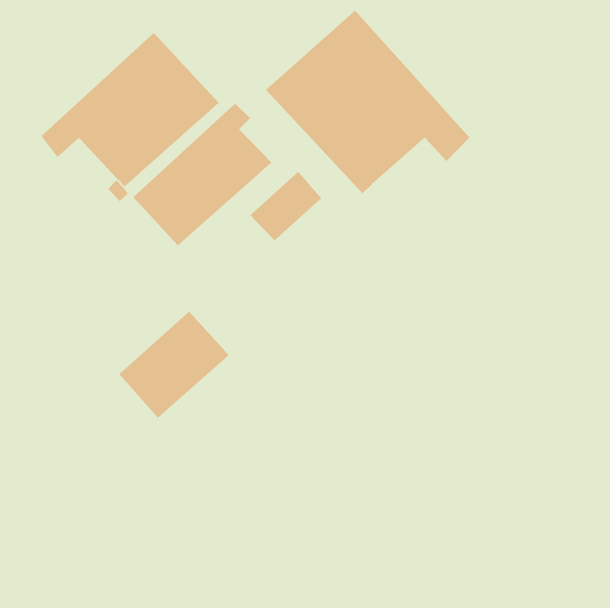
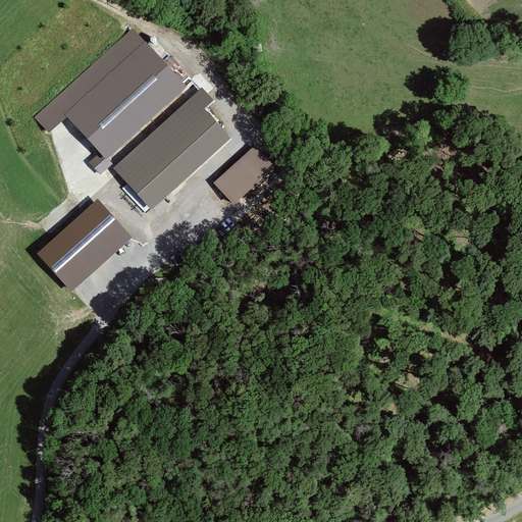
building: [265,10,470,194] -> none
building: [119,311,230,418] -> [38,198,133,290]

